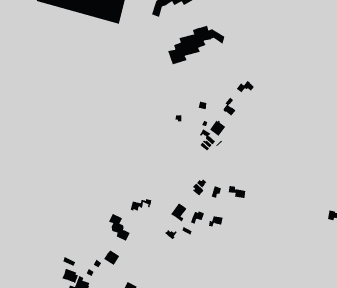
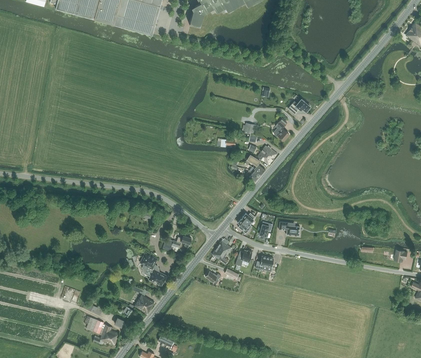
building: [167,24,227,65] -> none

